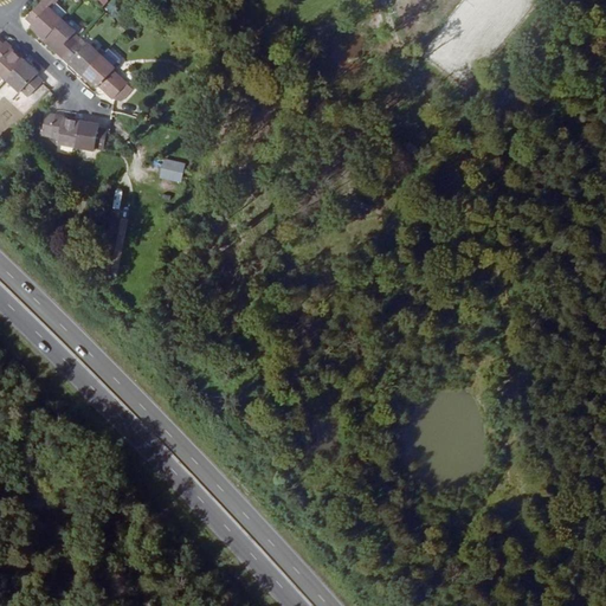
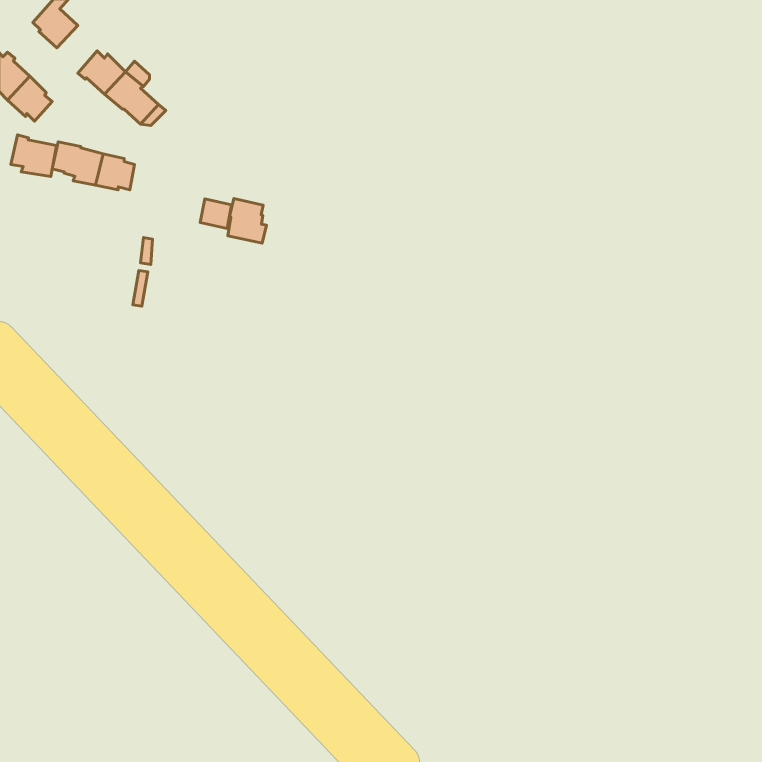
building: [45,20,77,58] -> none
building: none -> [11,135,56,176]
building: none -> [228,199,267,243]

